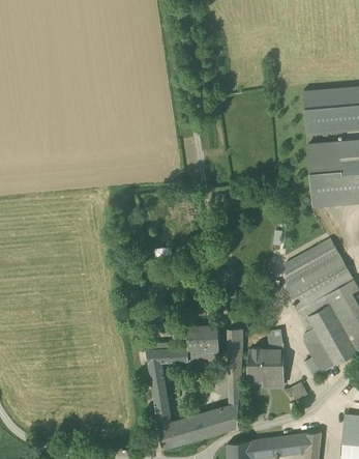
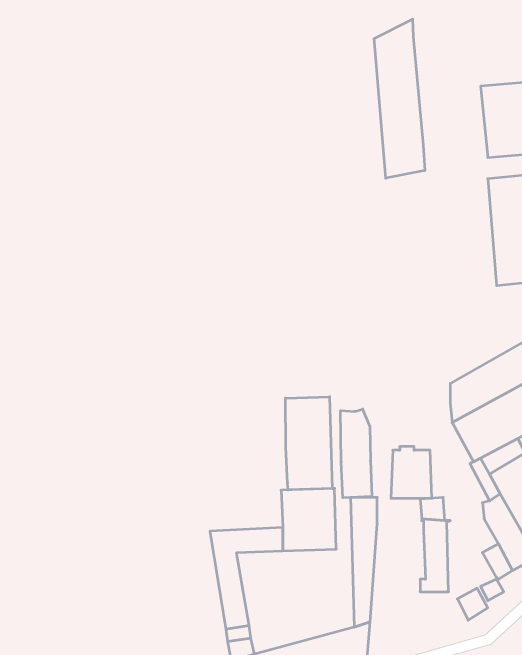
building: none -> [374,19,425,178]
building: none -> [285,397,332,490]
building: none -> [341,409,372,498]
building: [247,348,271,378] -> [391,447,432,498]

